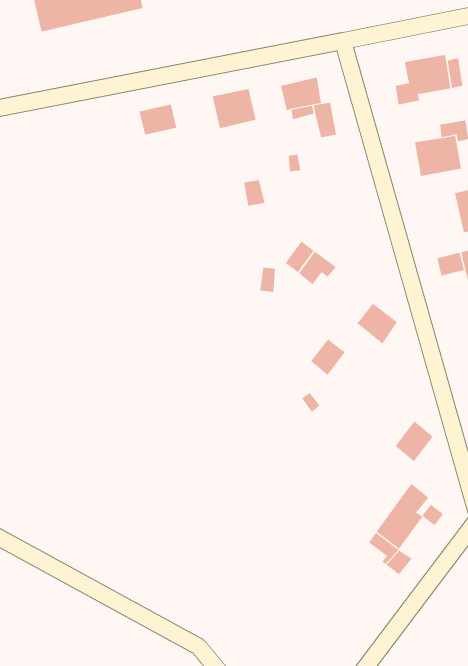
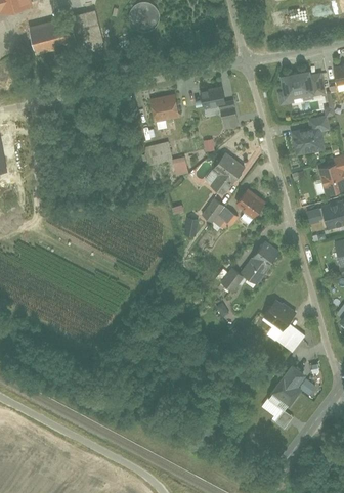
building: [139,104,177,135] -> [145,142,172,164]
building: none -> [213,151,245,194]
building: none -> [238,189,267,219]
building: none -> [241,257,269,285]
building: none -> [263,299,297,330]

